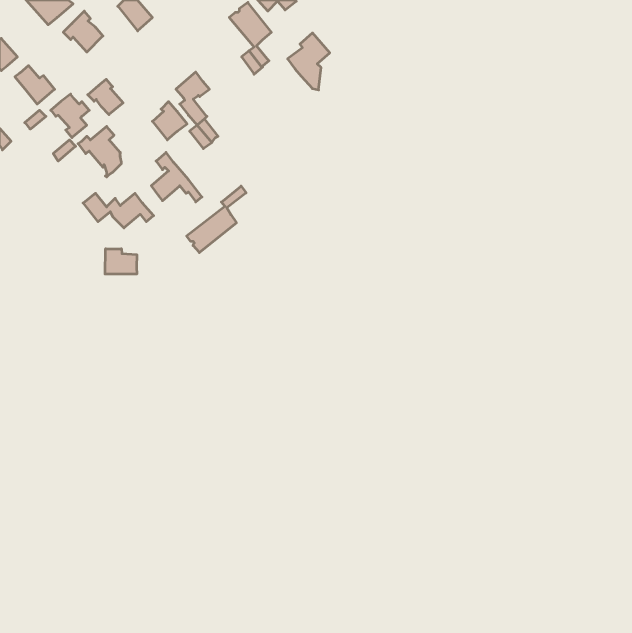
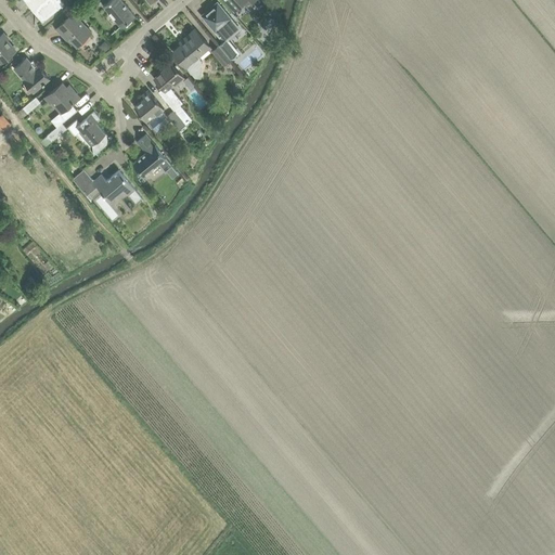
building: [288,33,330,90] -> [172,28,209,78]
building: [88,79,123,115] -> none
building: [187,186,246,253] -> none
building: [105,249,137,274] -> none

